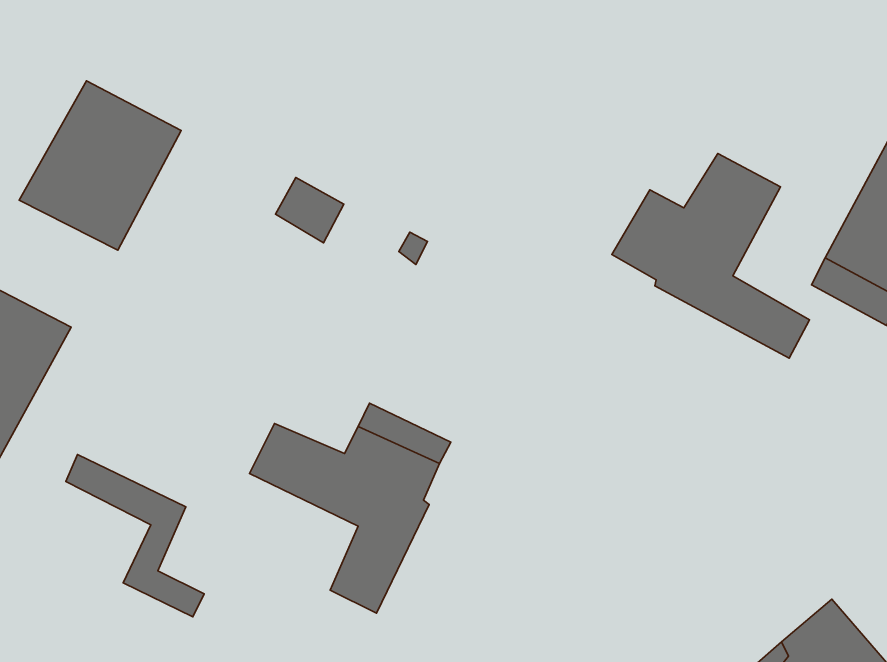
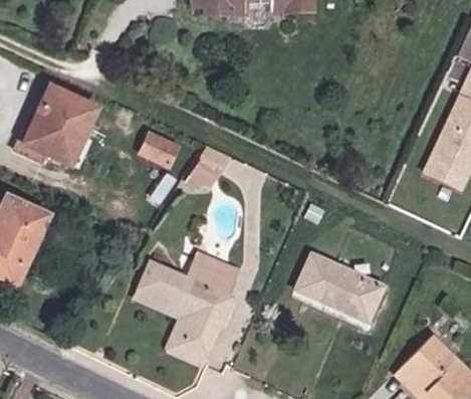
building: [612,154,809,358] -> none
building: none -> [304,248,389,315]
building: [66,454,204,617] -> [137,286,210,365]

